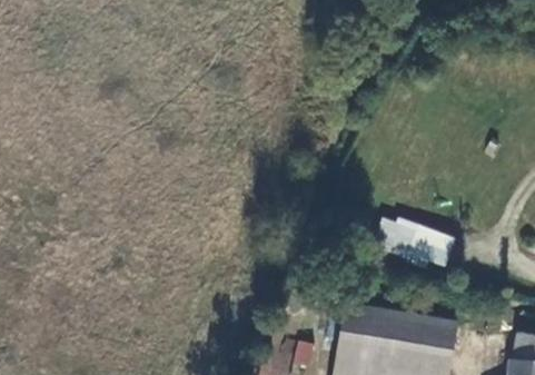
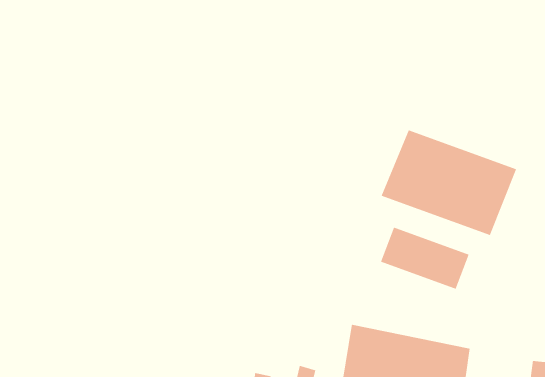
building: none -> [381,130,517,236]

